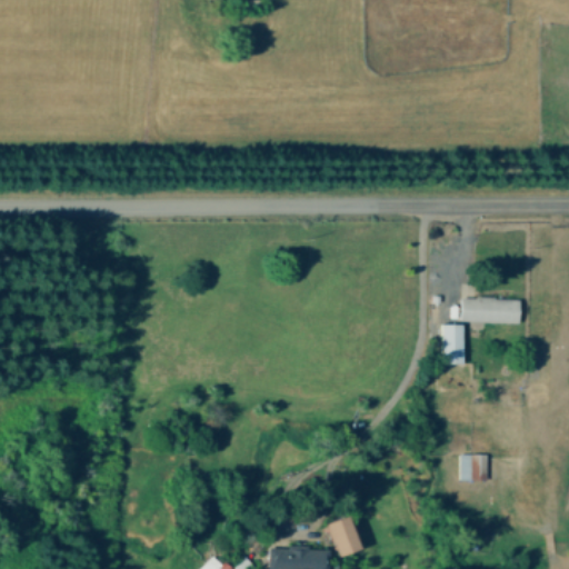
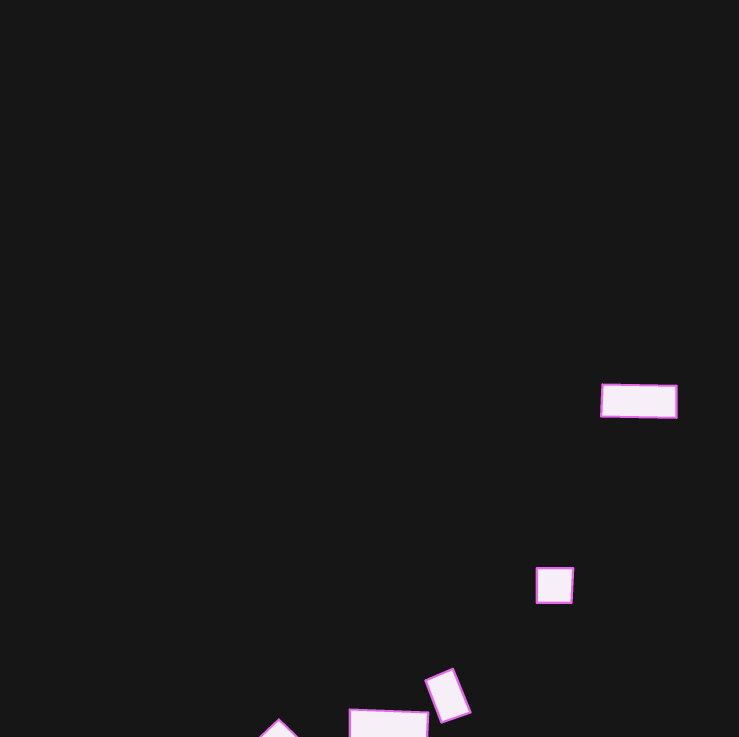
building: [442,323,465,365] -> none
building: [461,455,489,481] -> [537,568,573,603]

